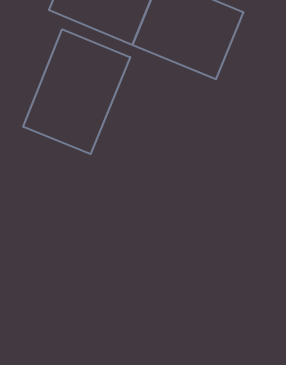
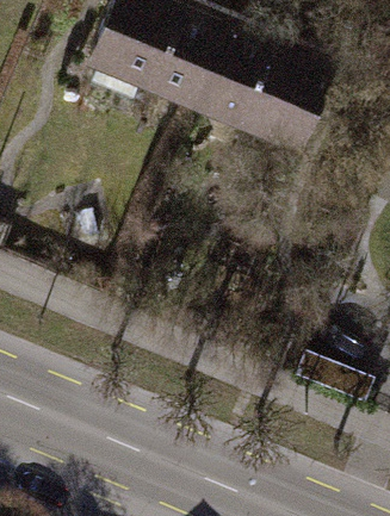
building: [23,29,130,154] -> none

